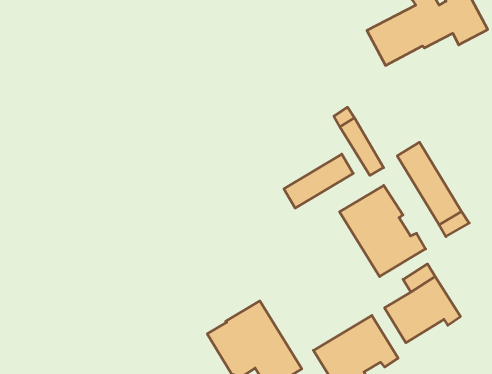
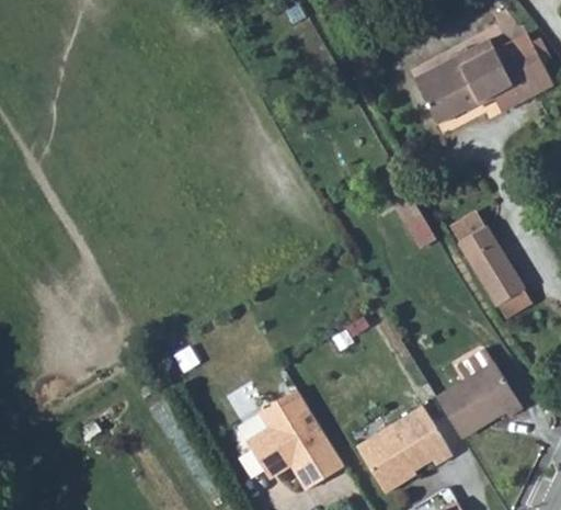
building: [284,154,353,208] -> none
building: [340,185,426,277] -> none

